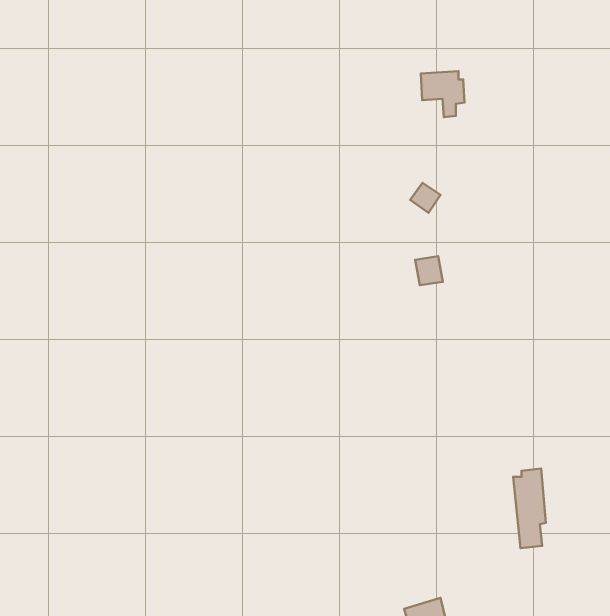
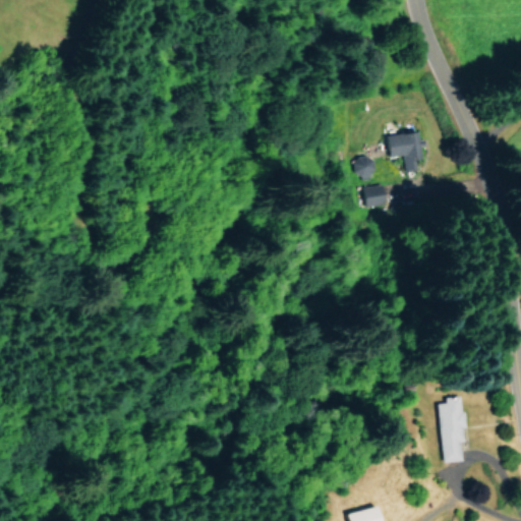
building: [421,71,464,117] -> [387,132,423,171]
building: [415,256,443,285] -> [363,185,387,210]

